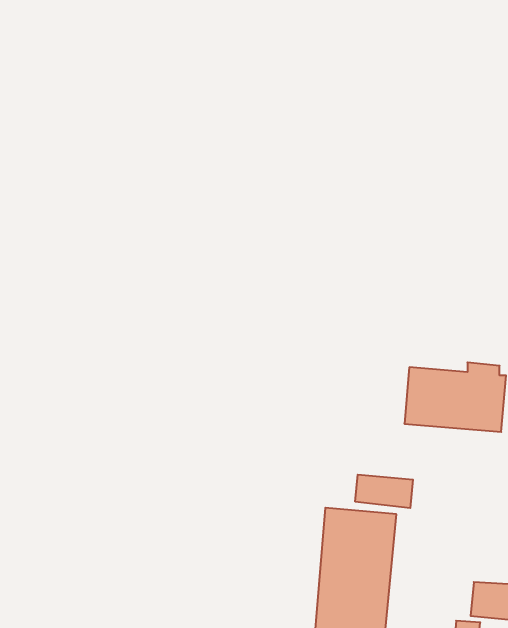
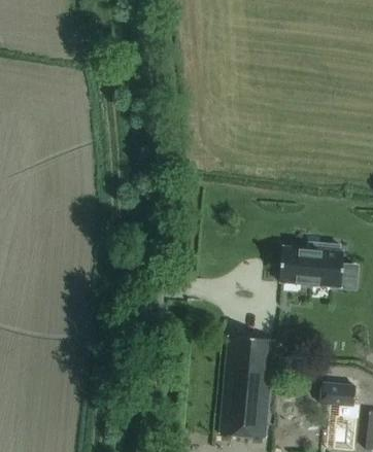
building: [355,475,413,508] -> none

